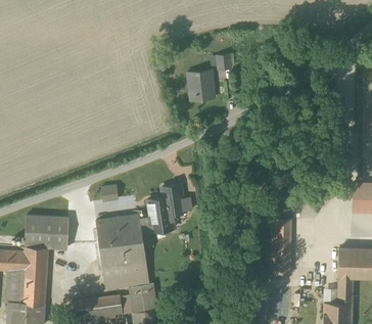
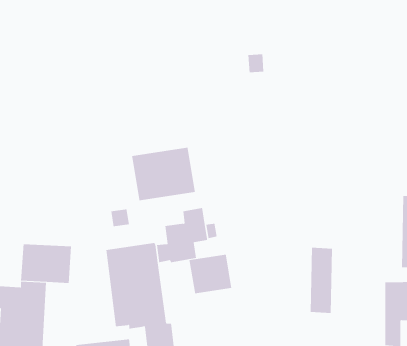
building: [186,71,214,101] -> none
building: none -> [131,147,196,201]
building: none -> [189,254,232,294]

